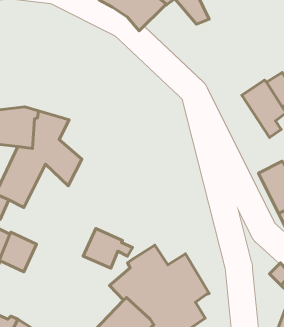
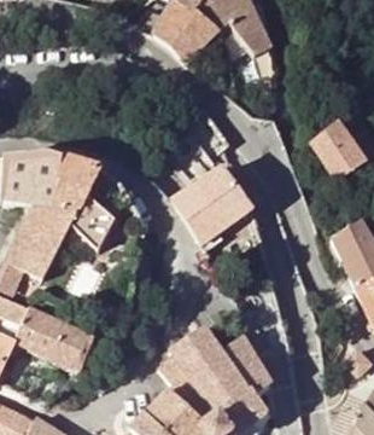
building: none -> [170,166,251,242]
building: [83,229,132,268] -> [42,324,103,372]

